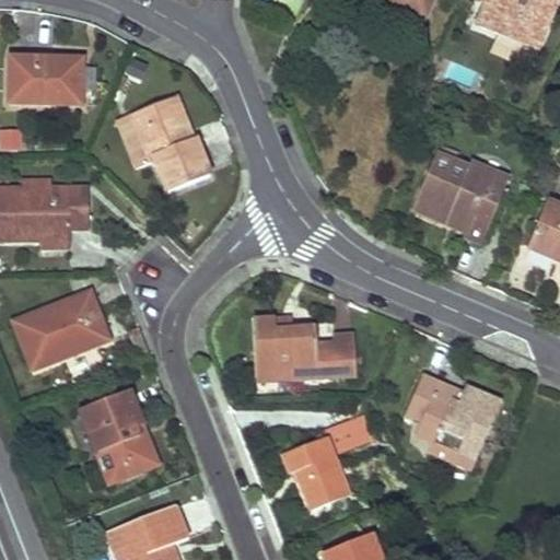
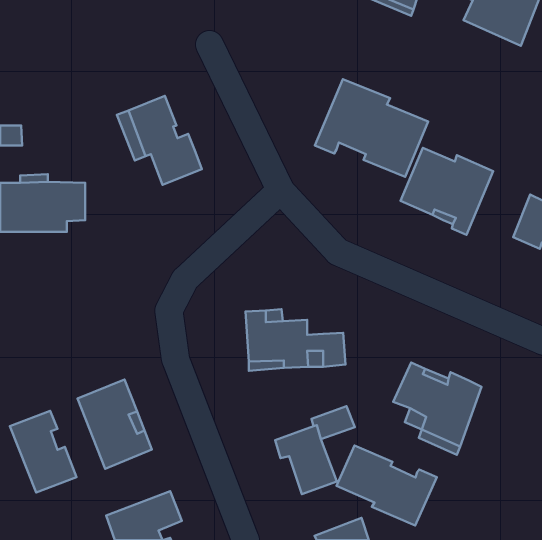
building: [10,56,82,103] -> none
building: none -> [315,79,428,177]
building: [14,290,108,366] -> none
building: none -> [10,411,76,492]
building: none -> [336,445,437,526]

